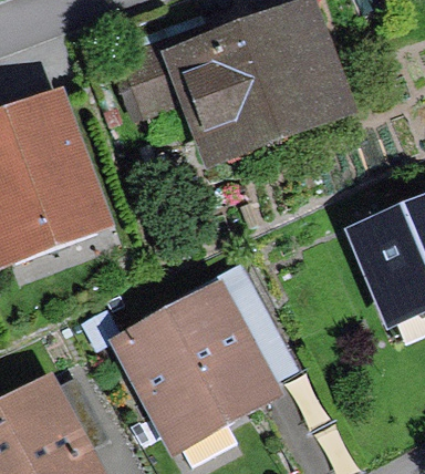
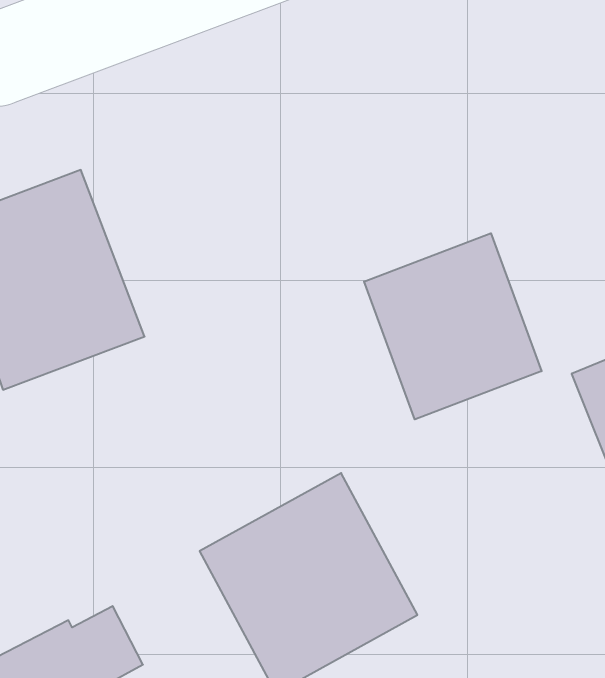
building: [129,21,328,144] -> none
building: none -> [364,233,542,419]

